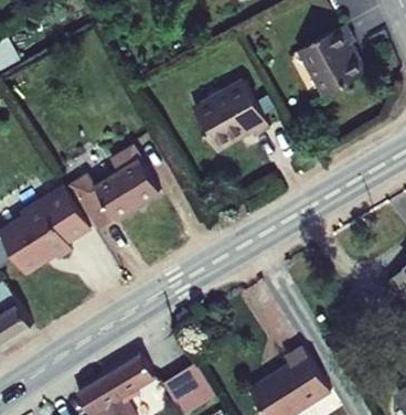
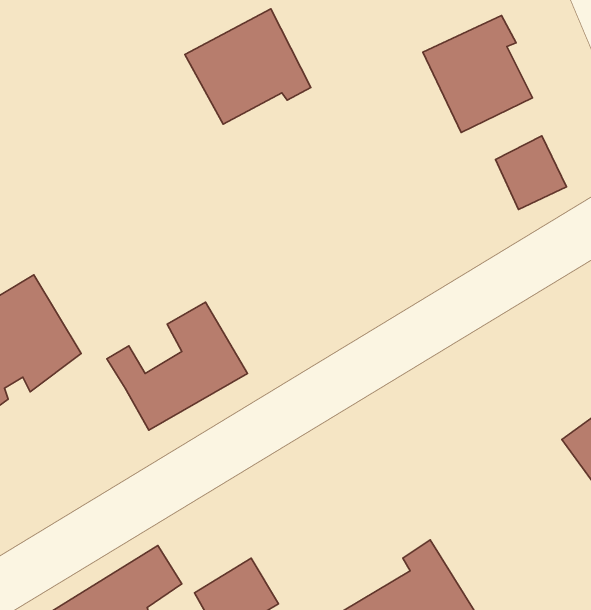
building: [195,82,271,151] -> [185,9,311,124]
building: none -> [495,136,566,210]
building: [75,146,160,223] -> [107,302,247,430]

